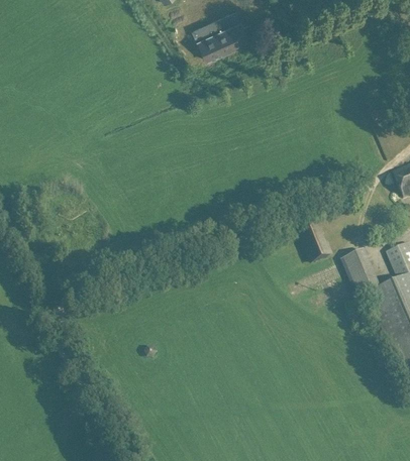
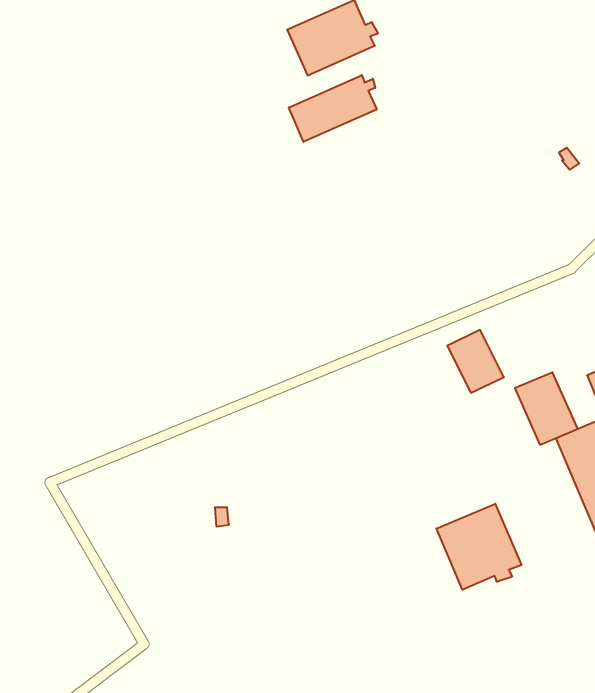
building: none -> [289,75,377,142]
building: none -> [436,504,521,590]

